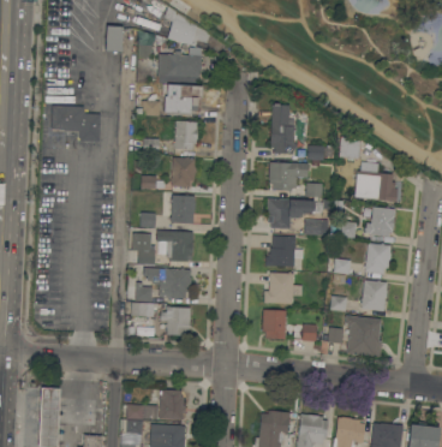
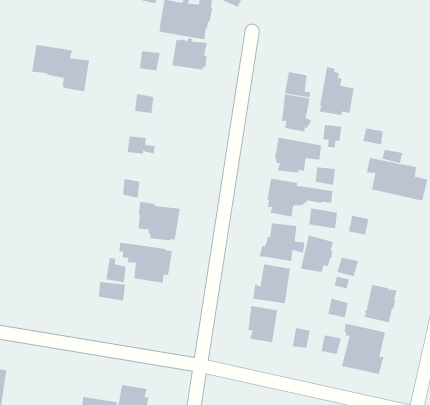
building: none -> [319,66,354,116]
building: [174,120,198,149] -> none
building: [171,156,197,186] -> none
building: [171,195,196,224] -> none
building: [366,207,395,236] -> none
building: [132,233,156,264] -> none
building: [365,242,392,273] -> [300,235,334,273]
building: [161,306,191,335] -> none

